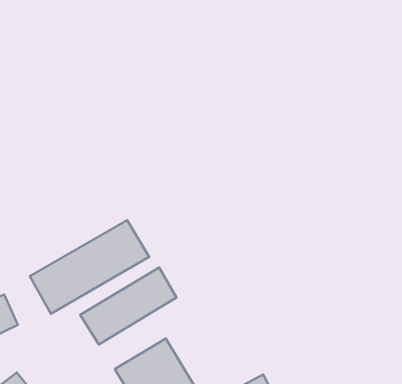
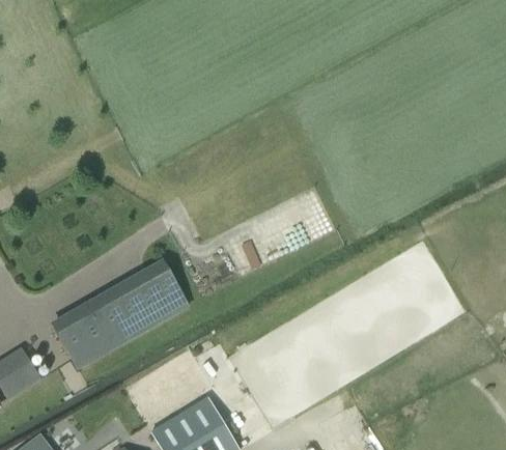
building: [80,268,177,345] -> none

